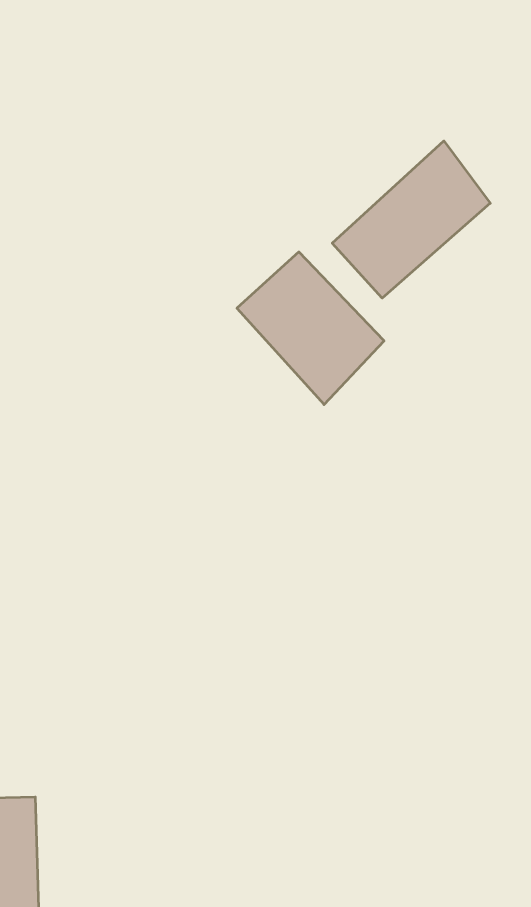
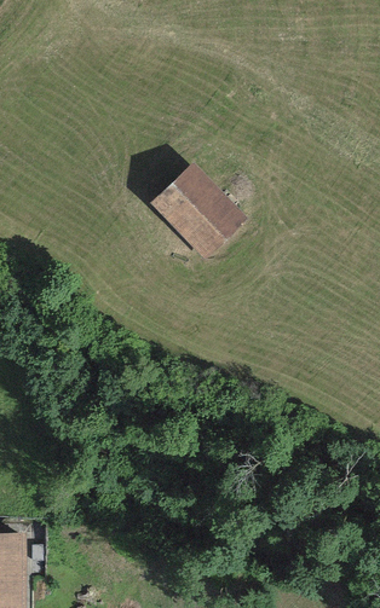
building: [332,141,490,298] -> none

